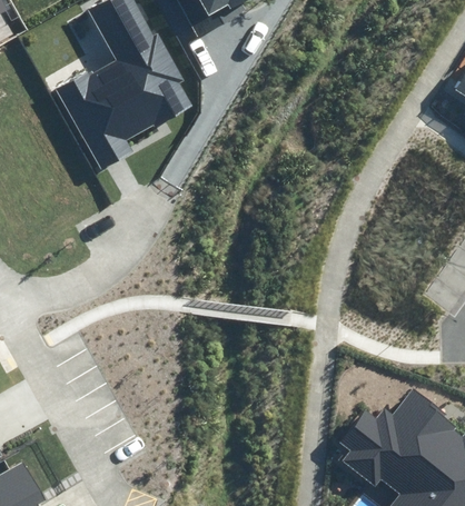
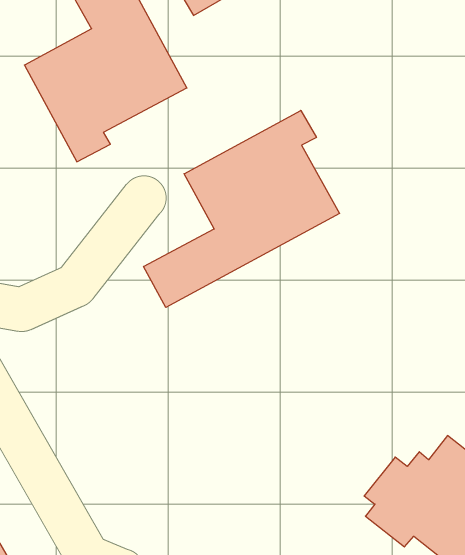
building: none -> [144,110,340,307]

